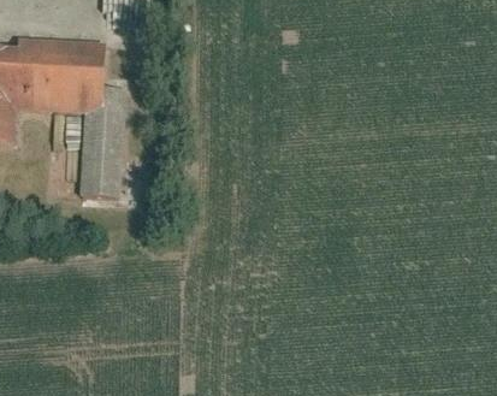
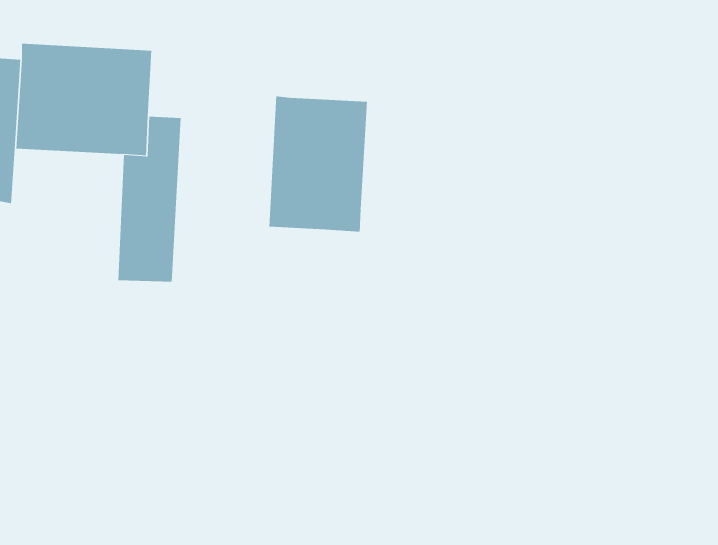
building: none -> [269,96,367,233]

